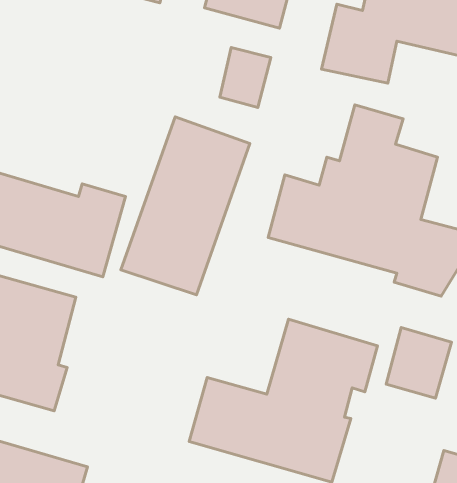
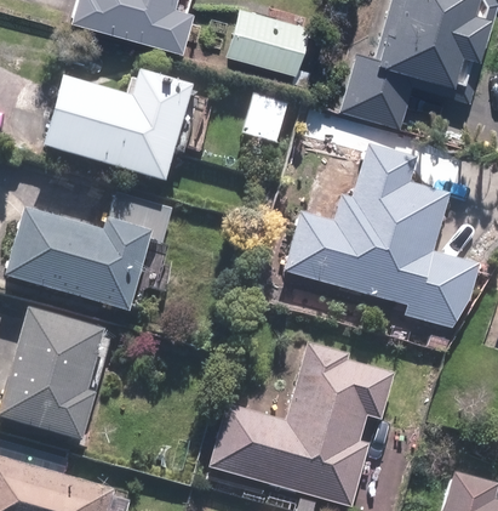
building: none -> [45,74,190,180]
building: [121,117,250,295] -> none
building: [386,328,452,398] -> none

